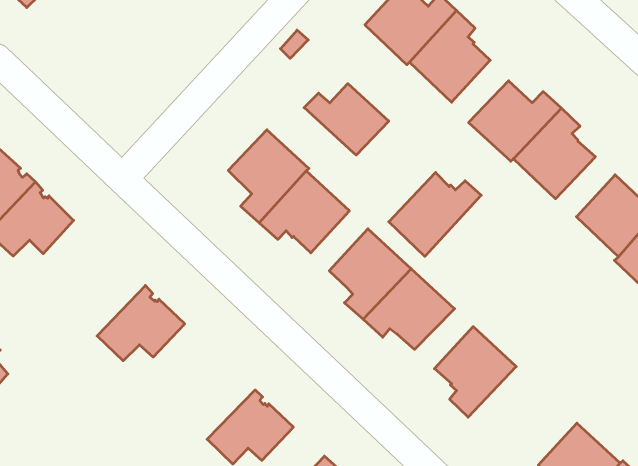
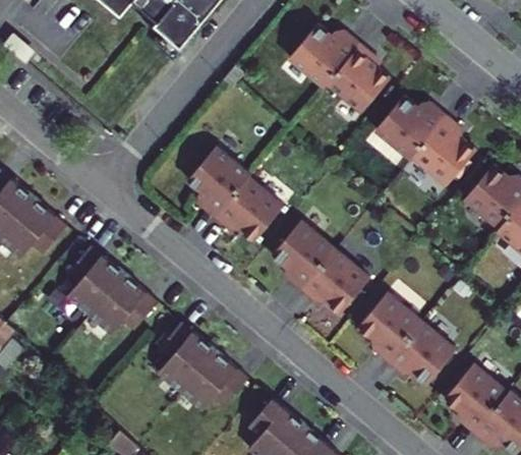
building: [304,84,389,155] -> none
building: [389,172,481,256] -> none
building: none -> [69,245,126,315]
building: none -> [160,322,217,391]
building: none -> [385,321,455,384]

